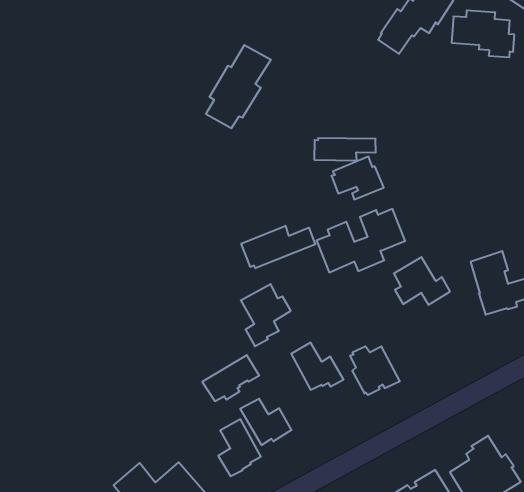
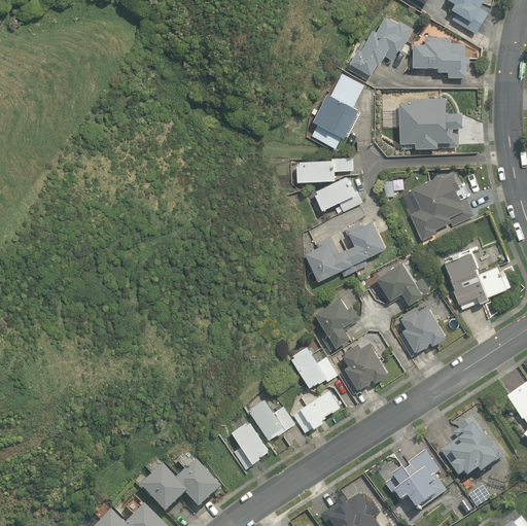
building: [206,45,271,128] -> [311,72,365,147]
building: none -> [398,98,462,149]
building: none -> [408,172,472,241]
building: [241,226,315,268] -> none
building: [241,284,291,346] -> [314,296,359,353]
building: none -> [399,307,446,351]
building: [202,355,259,401] -> [291,388,342,431]

